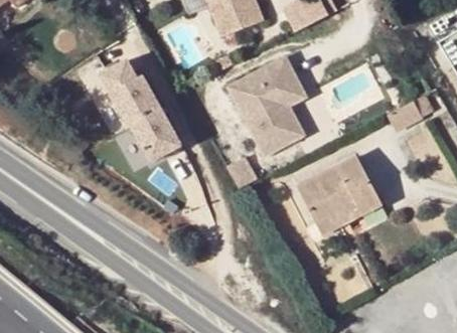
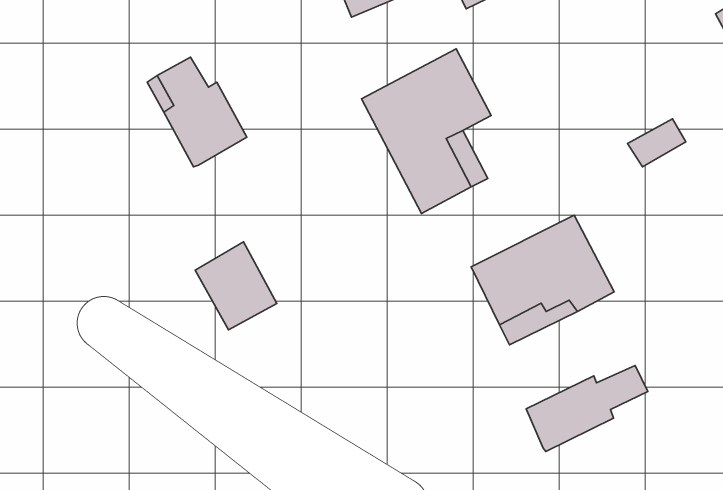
building: [132,109,181,162] -> [195,242,277,330]
building: none -> [526,365,648,451]

